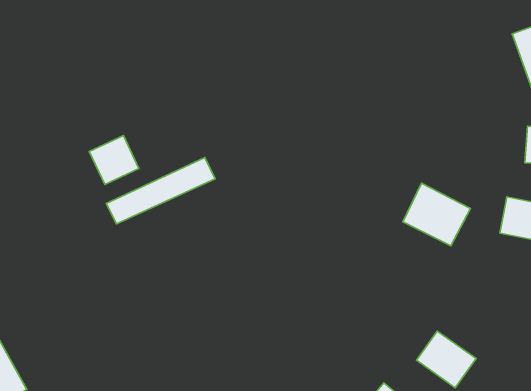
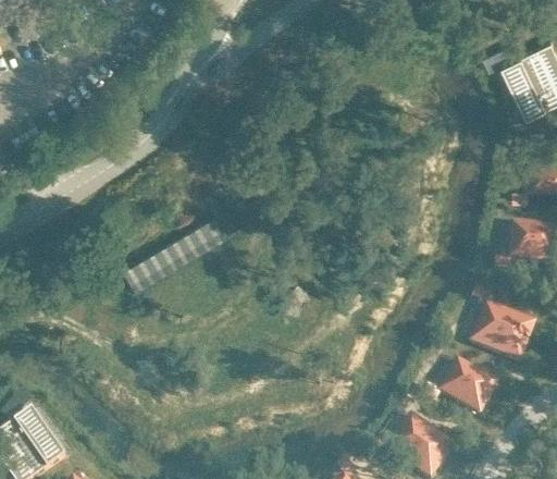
building: [89,135,139,185] -> none
building: [403,183,470,246] -> [473,302,537,359]

